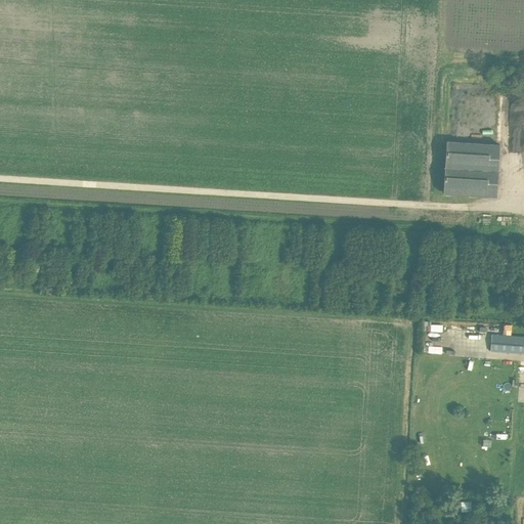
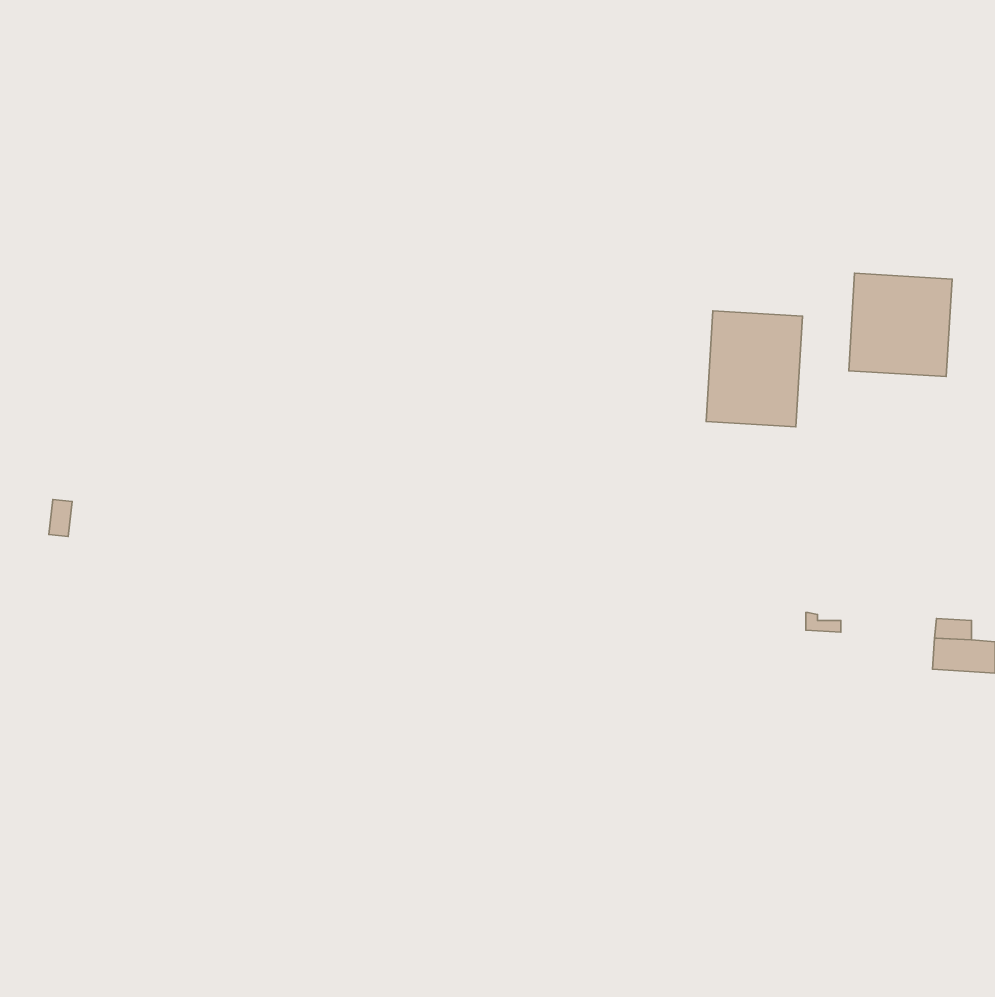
building: none -> [706,311,803,427]

